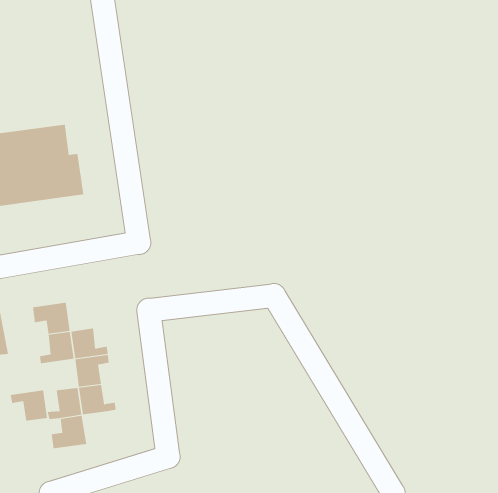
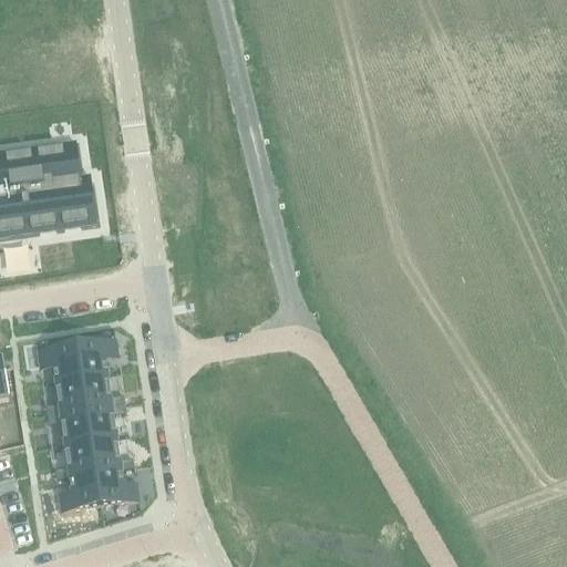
building: none -> [75,337,116,375]
building: [10,390,48,421] -> [45,406,89,442]
building: none -> [93,466,137,503]

